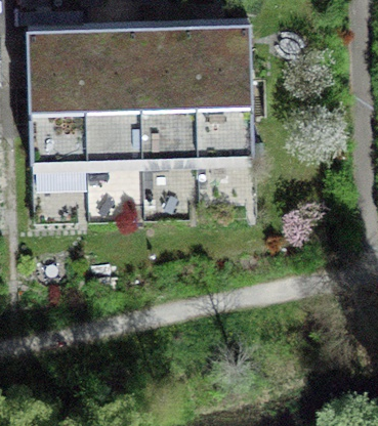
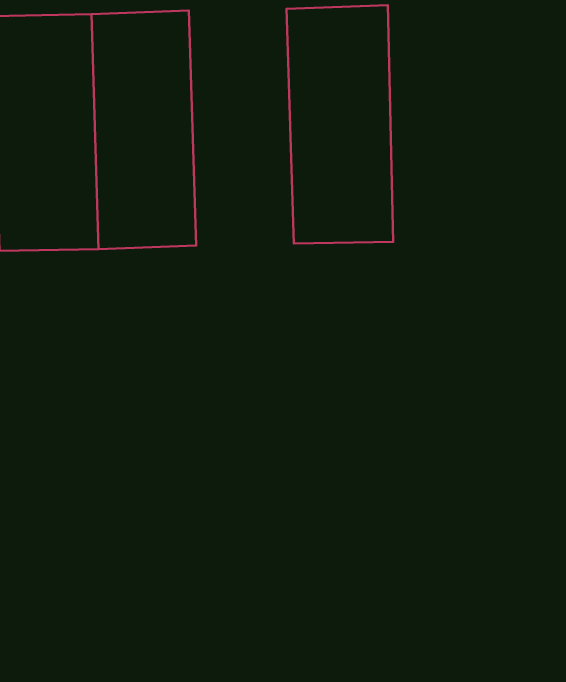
building: [138,26,198,160] -> none

